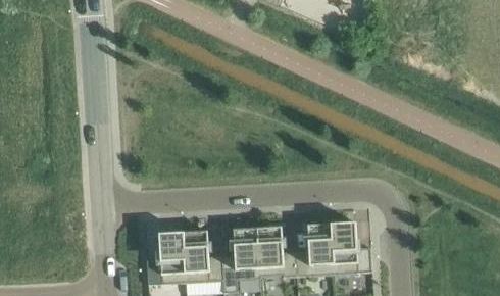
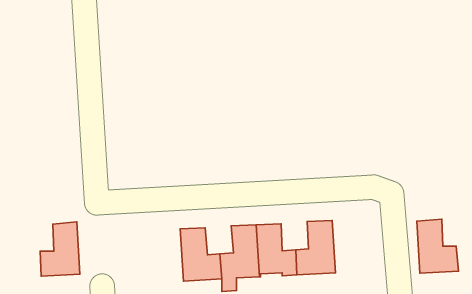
building: [332,221,372,275] -> [417,219,458,273]
building: [147,232,186,285] -> [40,222,80,276]

